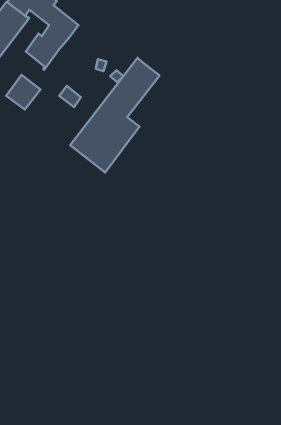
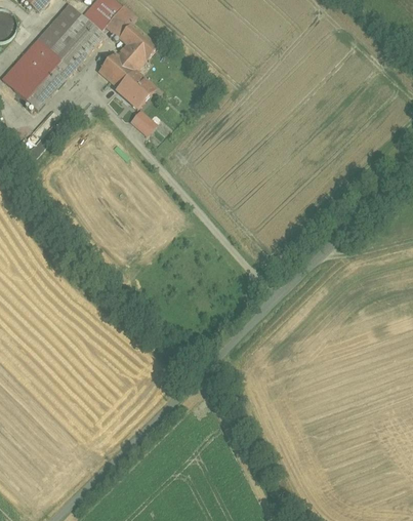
building: [70,58,159,173] -> none
building: [6,75,40,109] -> [116,69,154,107]

